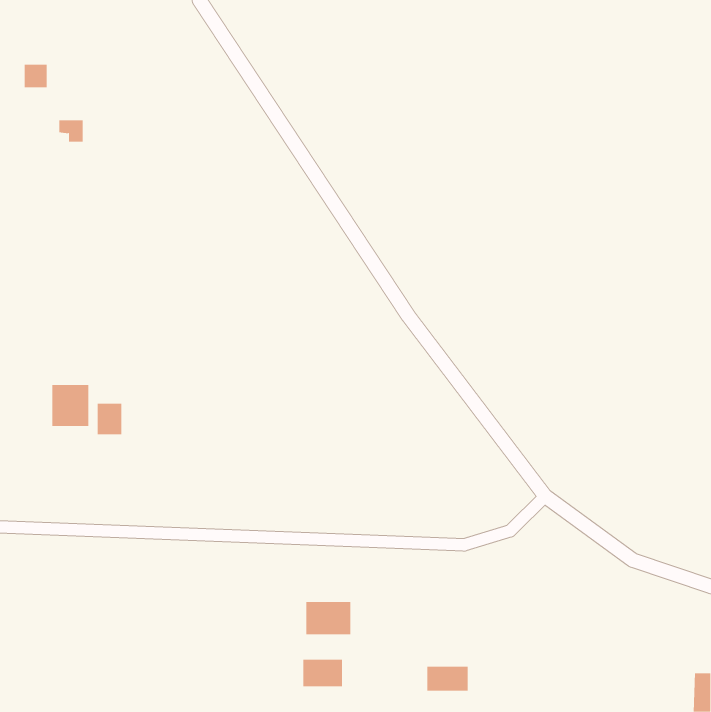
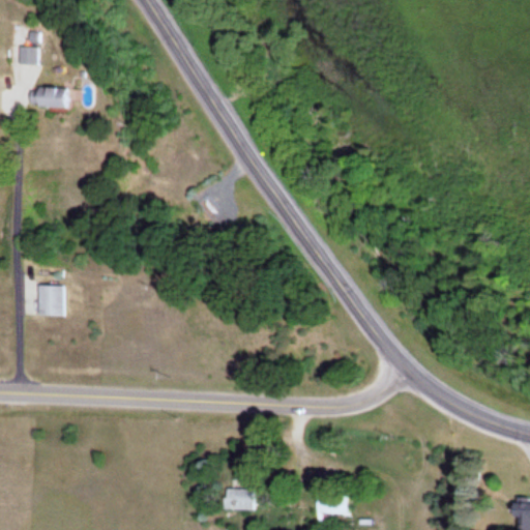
building: [97,403,122,435] -> none
building: [306,601,351,635] -> none

